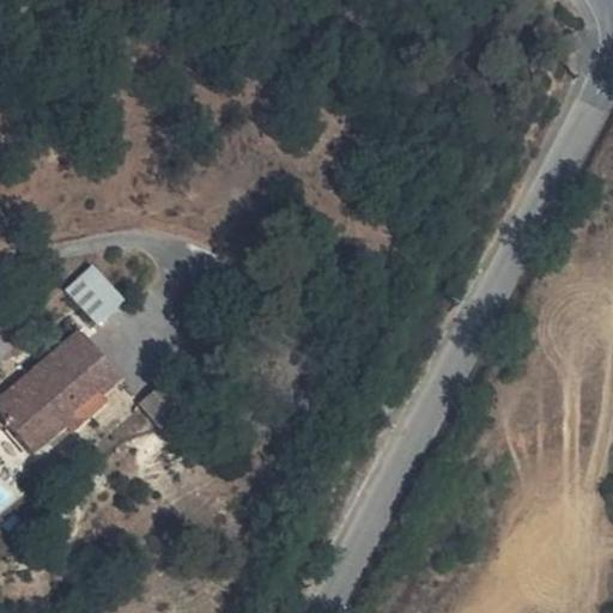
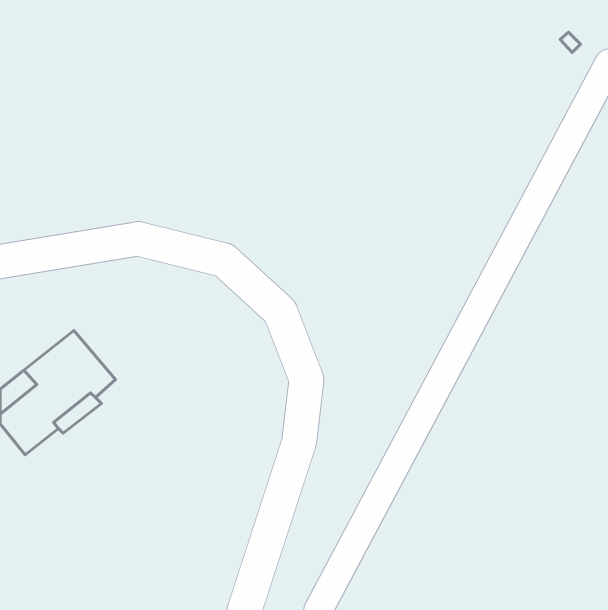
building: [69,266,127,323] -> none

